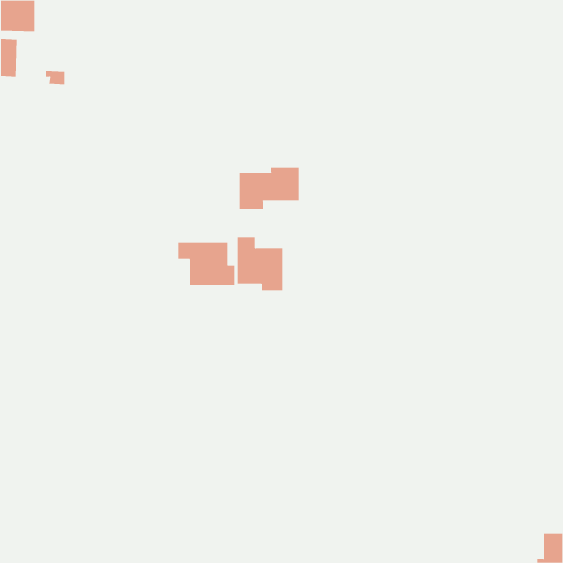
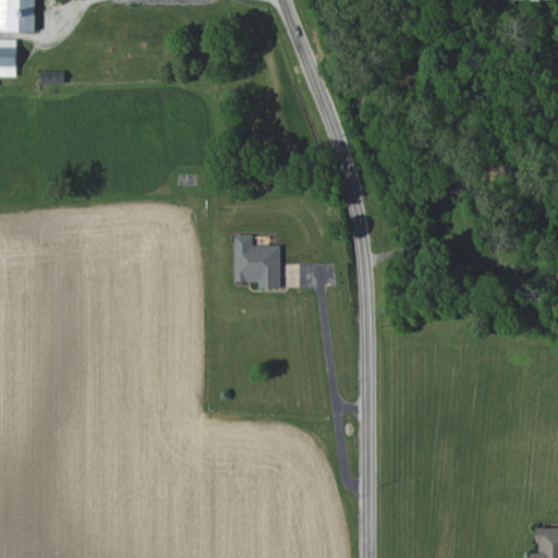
building: [239,167,299,210] -> none
building: [178,242,235,286] -> none

